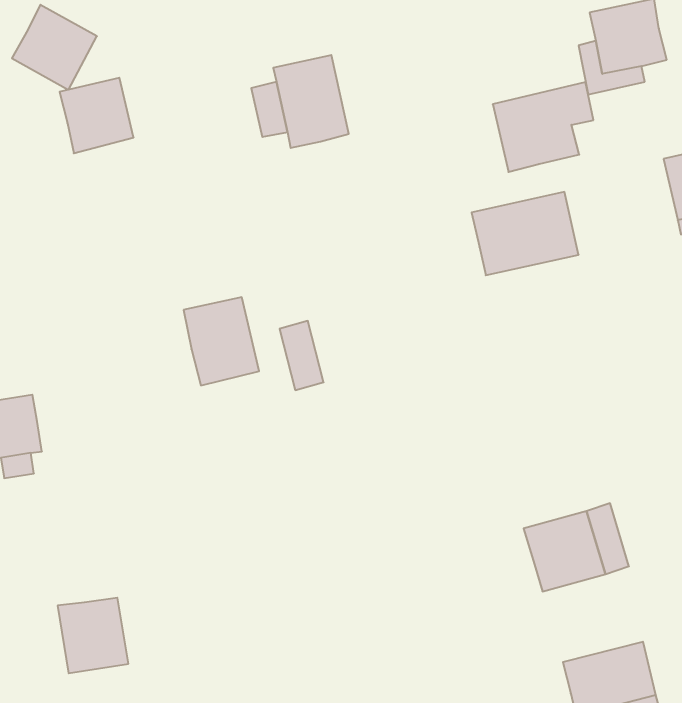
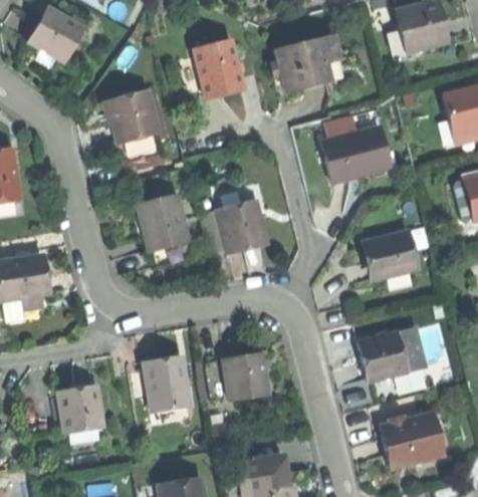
building: [60,78,134,153] -> [109,91,157,140]
building: [493,82,593,172] -> [277,34,341,91]
building: none -> [219,198,266,247]
building: none -> [369,230,419,275]
building: none -> [224,352,268,400]
building: none -> [144,354,190,412]

